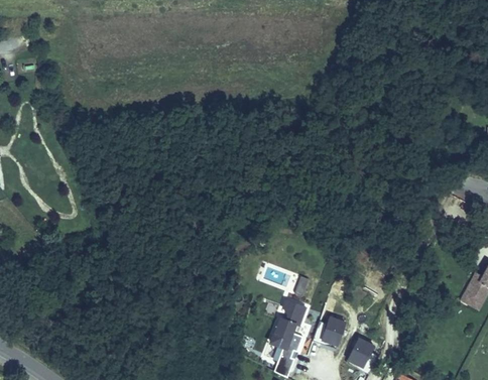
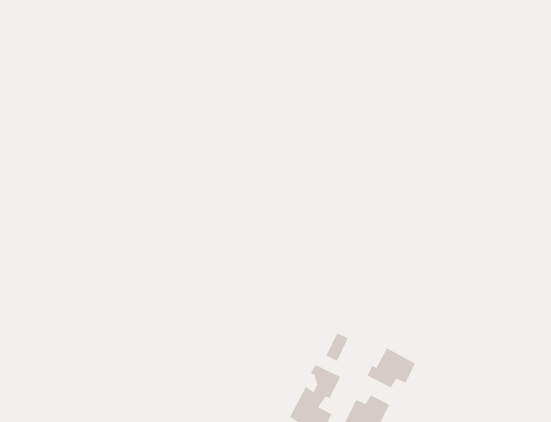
building: none -> [367,347,416,388]

